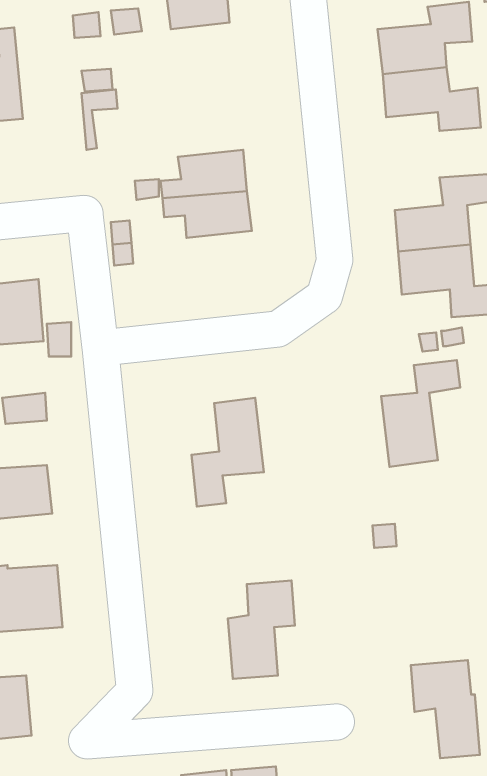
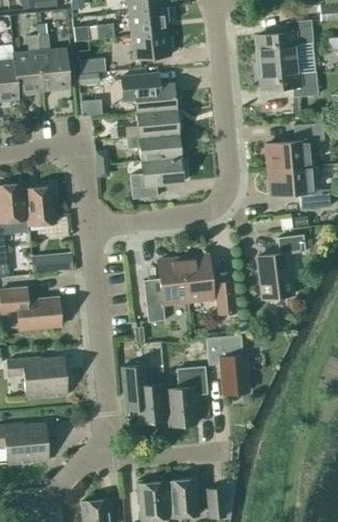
building: none -> [132,32,171,60]
building: none -> [38,34,69,90]
building: none -> [121,73,176,113]
building: none -> [130,157,183,198]
building: none -> [183,254,236,314]
building: none -> [122,365,166,423]
building: [411,660,480,758] -> [207,335,248,394]

